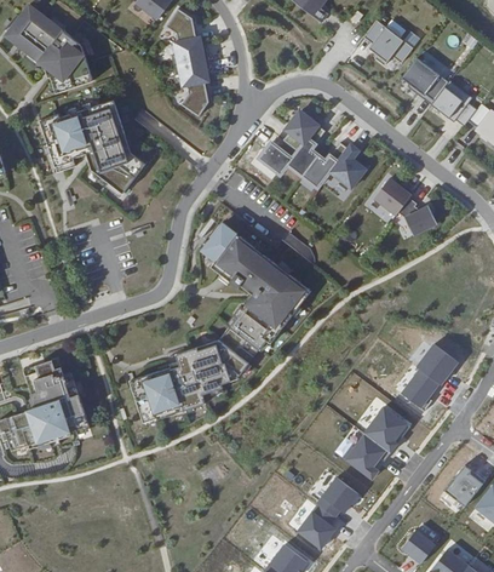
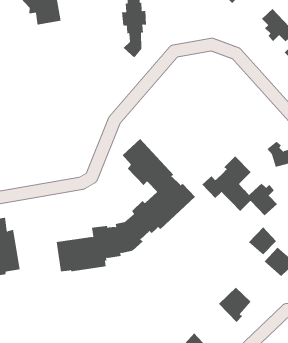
building: [40,99,145,193] -> none
building: [259,111,367,188] -> [201,155,278,216]
building: [374,179,413,215] -> none
building: [401,368,440,407] -> [248,227,277,255]
building: [343,435,387,479] -> none

